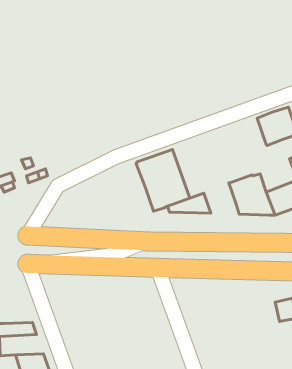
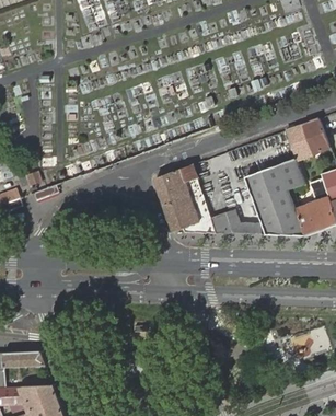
building: none -> [245,159,304,200]
building: none -> [227,208,265,234]

